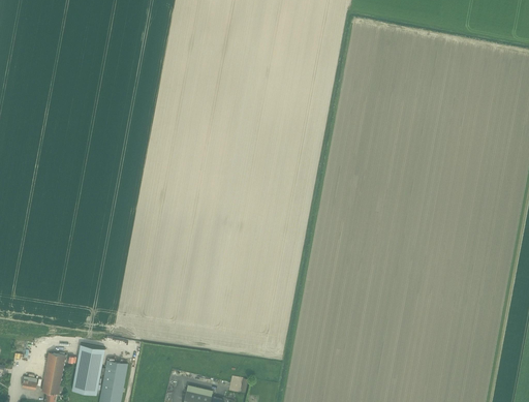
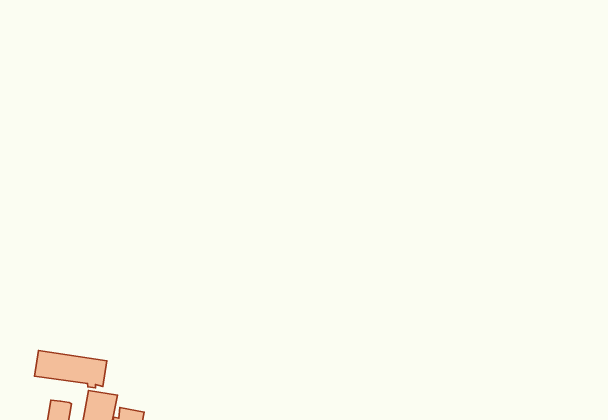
building: none -> [34,350,107,388]

